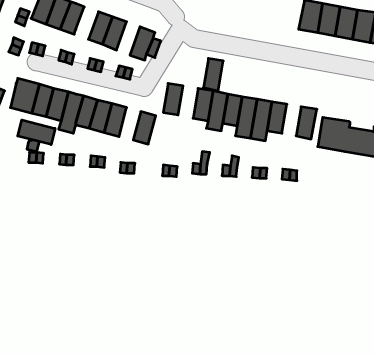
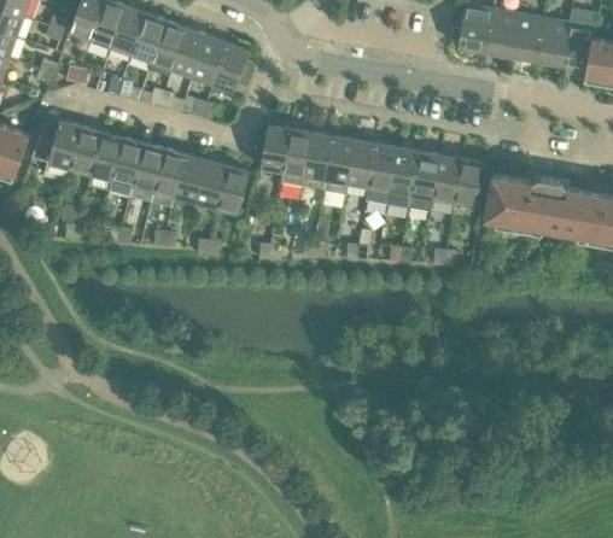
building: none -> [130,14,165,62]
building: none -> [192,36,226,84]
building: [203,58,223,91] -> [281,129,310,176]
building: none -> [432,156,460,201]
building: none -> [195,160,227,207]
building: [18,120,55,145] -> none

